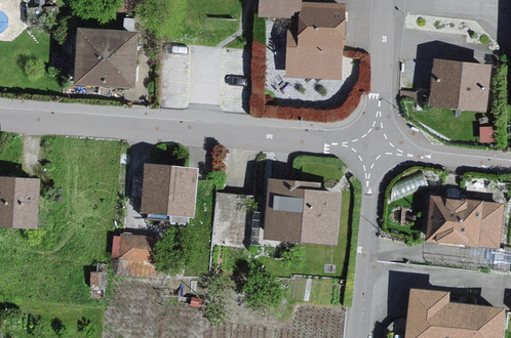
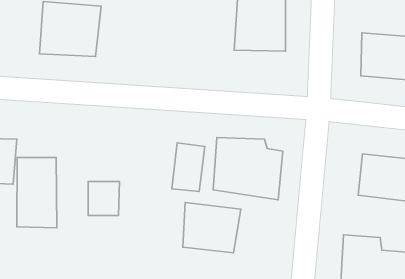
building: [142,163,193,211] -> none
building: none -> [17,158,57,228]
building: none -> [183,203,241,253]

